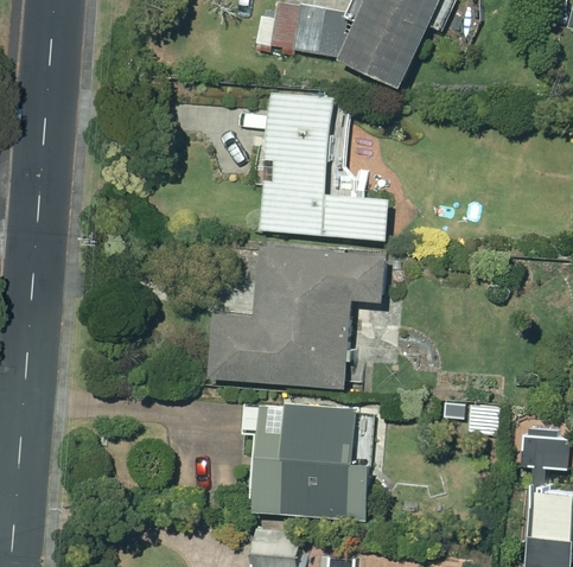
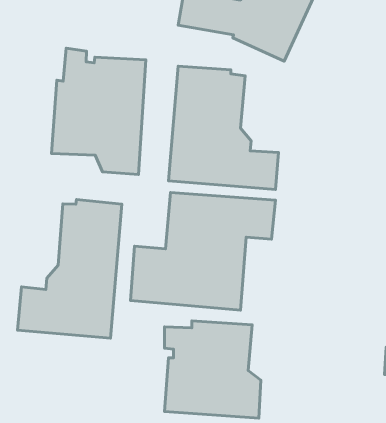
building: none -> [52,48,146,175]
building: none -> [17,200,122,338]

